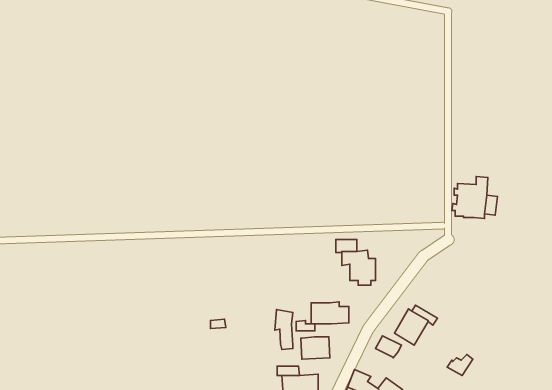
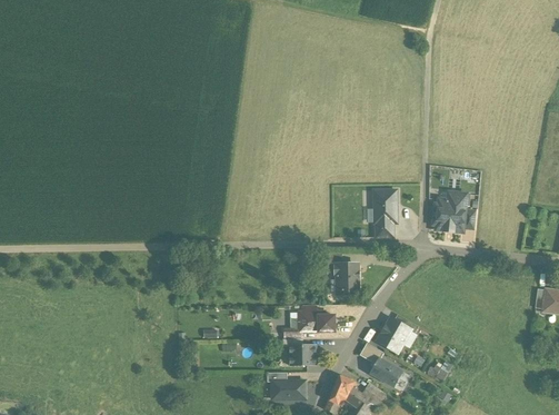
building: none -> [373,189,397,223]
building: [275,310,293,350] -> none
building: none -> [370,358,403,387]

